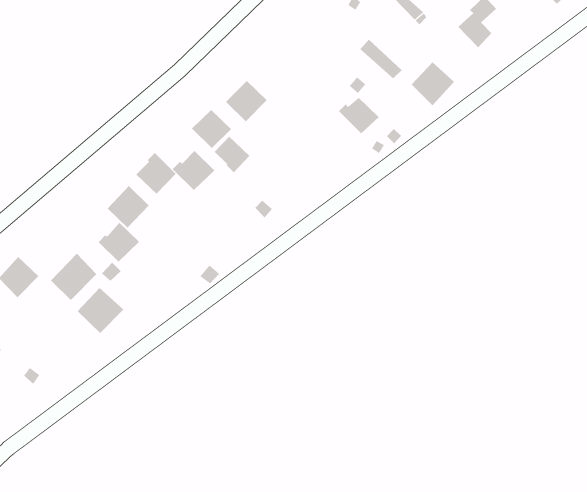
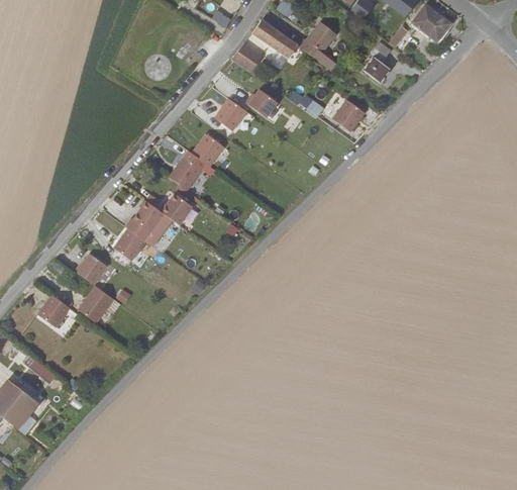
building: none -> [215,98,247,131]
building: [338,97,380,134] -> [246,90,279,118]
building: [214,136,250,173] -> none
building: [98,222,140,263] -> [76,253,108,284]
building: [77,287,124,334] -> none

